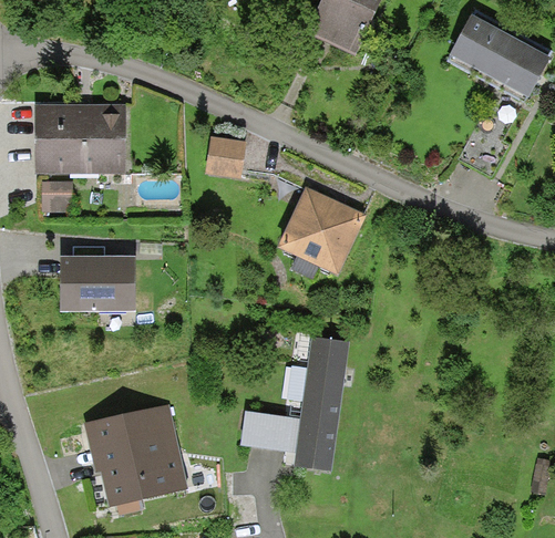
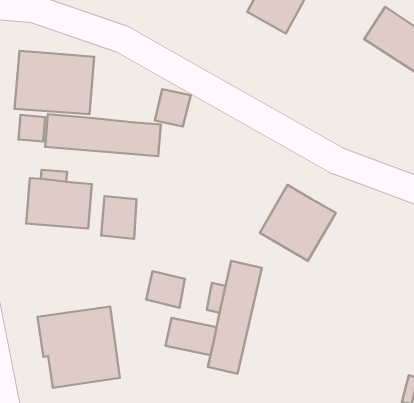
building: none -> [45,114,161,156]
building: [277,186,367,276] -> [260,185,336,261]
building: none -> [101,196,136,239]
building: none -> [146,271,185,308]

